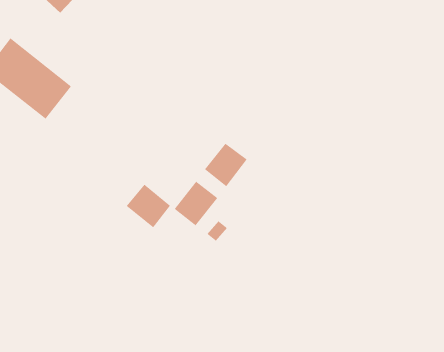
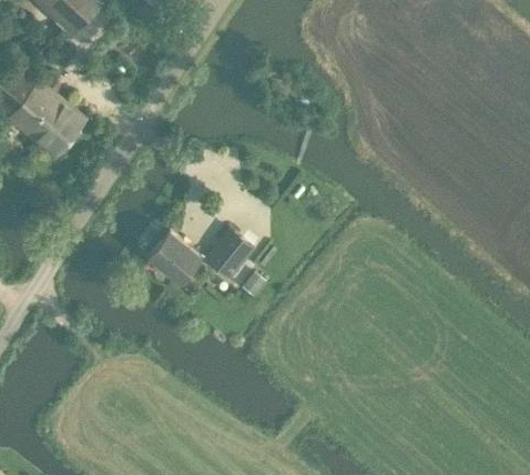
building: [204,143,248,187] -> none

